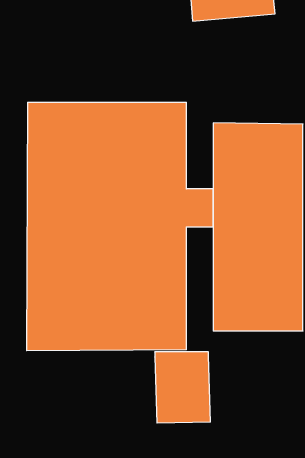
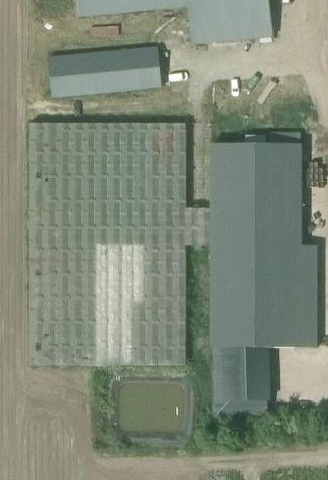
building: none -> [49,46,161,95]
building: [155,352,210,423] -> [213,346,267,415]

